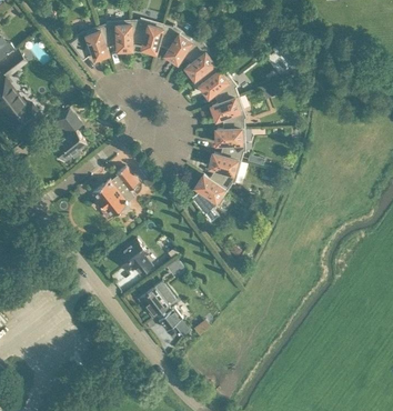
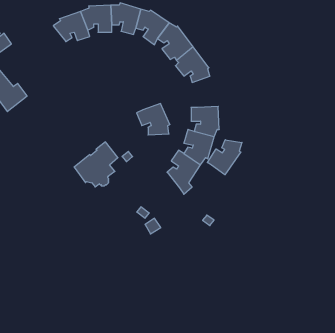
building: [210,97,245,130] -> [137,104,170,135]
building: [51,109,85,159] -> none
building: none -> [207,140,242,175]
building: [114,239,151,274] -> none
building: [140,281,181,331] -> none

